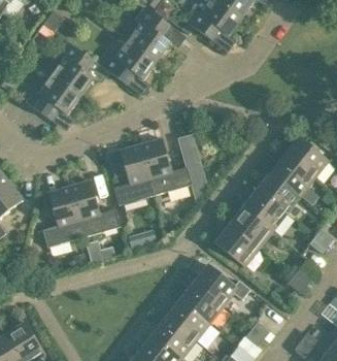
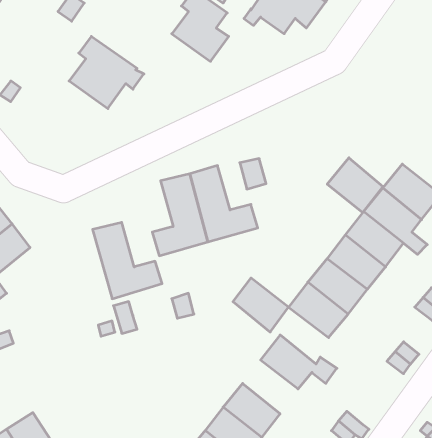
building: [101,39,157,84] -> none
building: [25,74,80,119] -> none
building: none -> [327,158,383,212]
building: [42,185,83,247] -> none
building: [180,282,222,322] -> [233,278,288,332]

